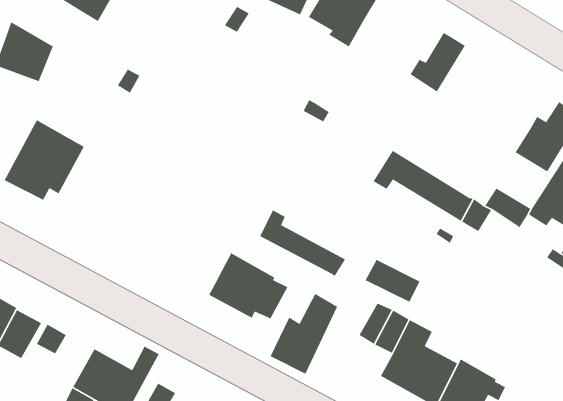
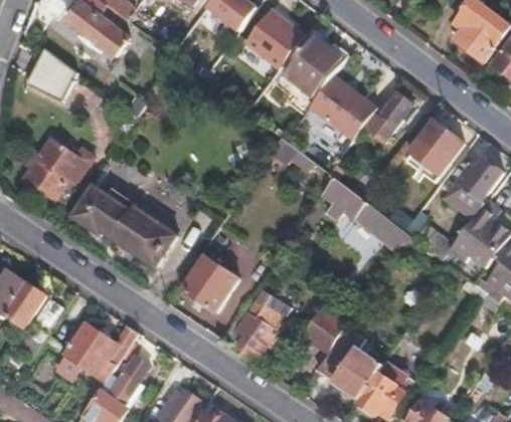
building: none -> [308,76,375,142]
building: none -> [409,121,462,174]
building: none -> [71,185,177,267]
building: [259,209,346,277] -> none
building: [364,259,420,303] -> none

